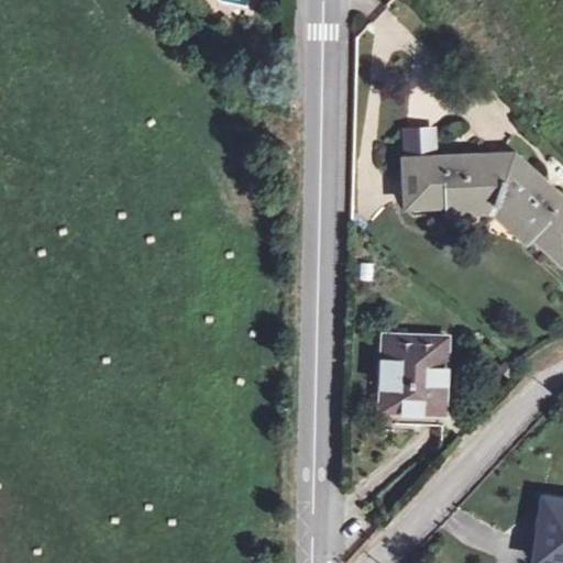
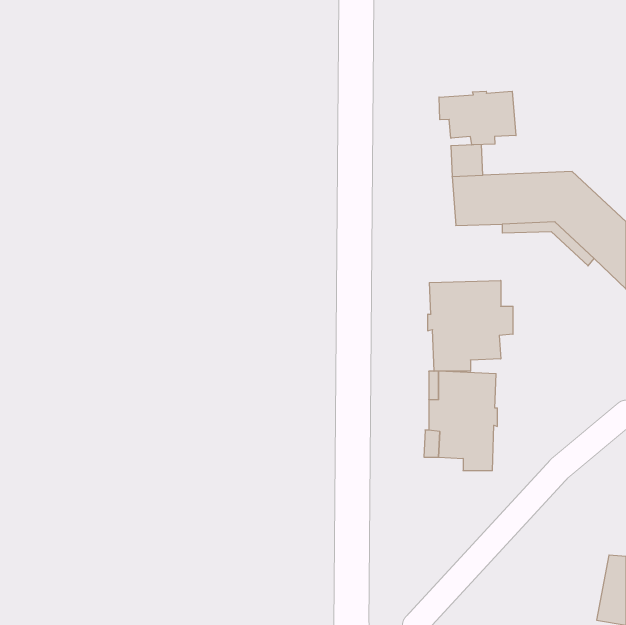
building: none -> [439,91,516,145]
building: none -> [428,280,513,371]

